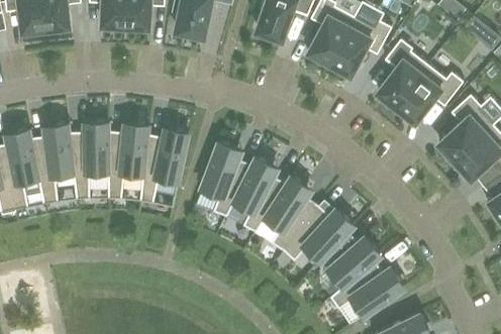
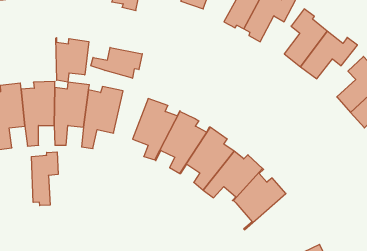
building: none -> [56,38,89,82]
building: none -> [91,47,142,78]
building: none -> [31,152,58,206]
building: [331,255,404,318] -> none

